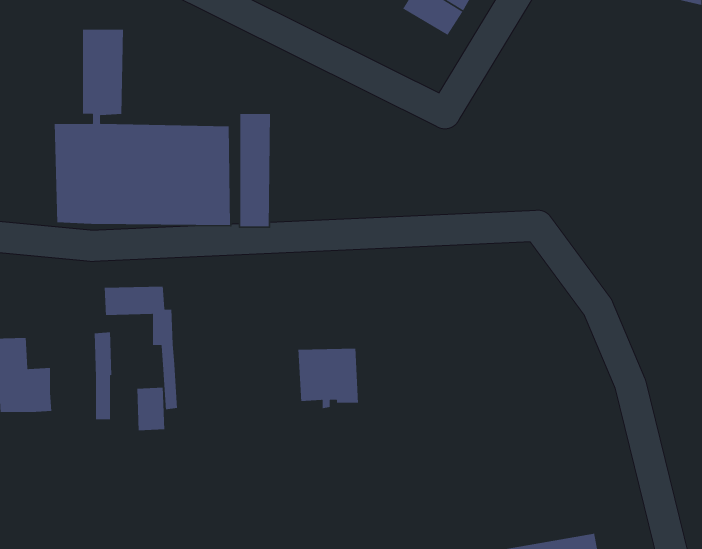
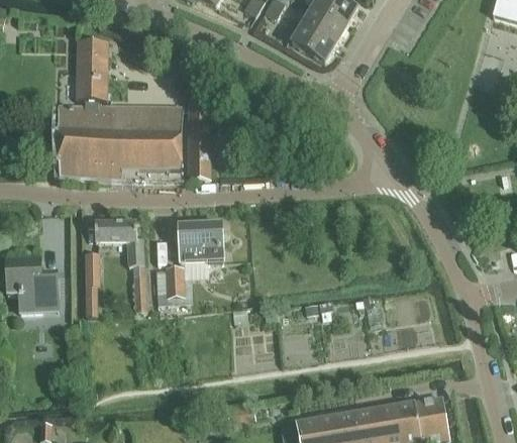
building: none -> [293,24,335,62]
building: [298,348,359,409] -> [178,222,221,265]
building: [136,387,165,431] -> [165,264,185,296]

